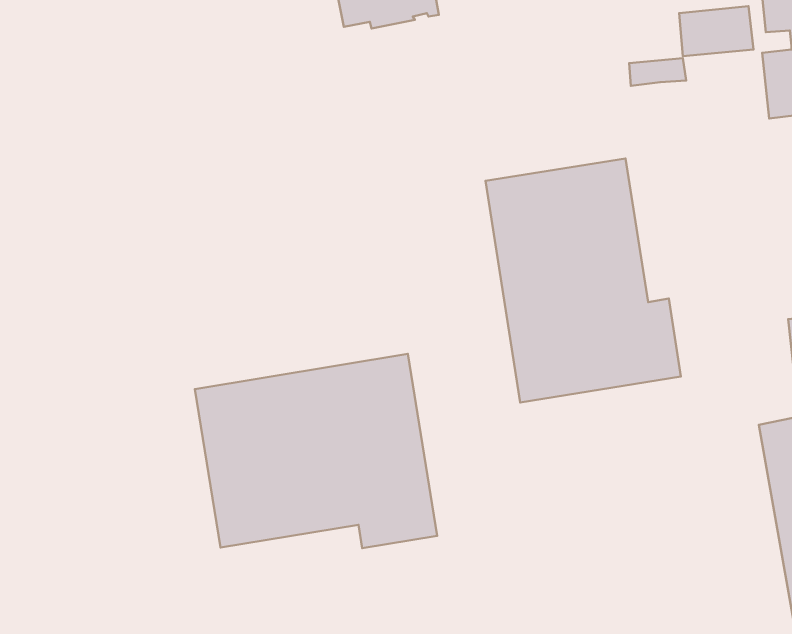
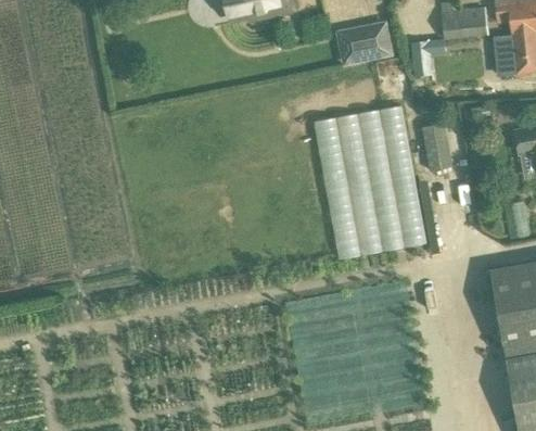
building: none -> [335,23,392,66]
building: none -> [421,125,451,173]
building: [195,354,437,548] -> none

